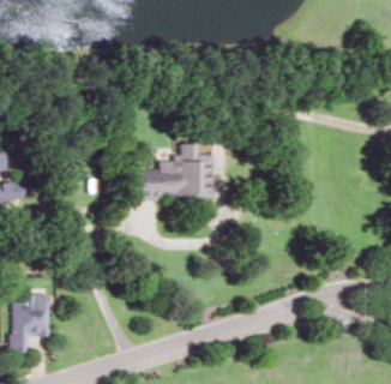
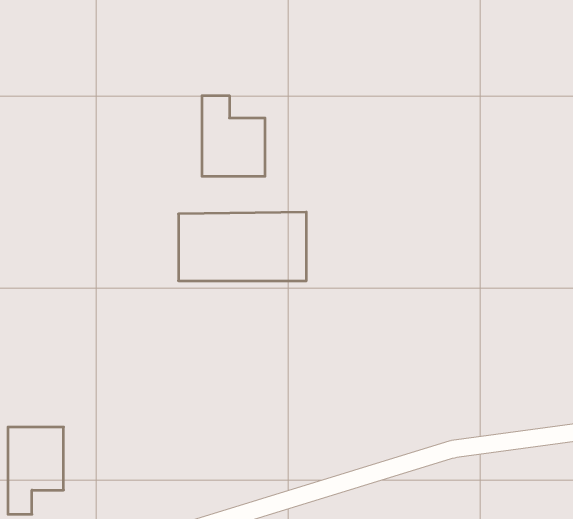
building: none -> [202,96,265,176]

